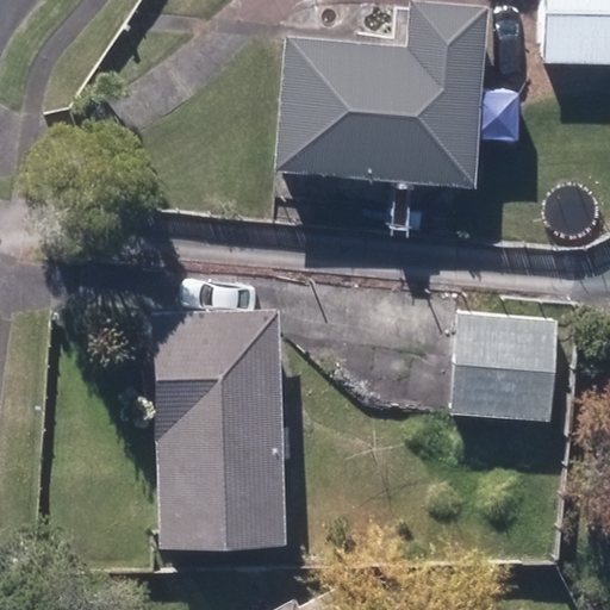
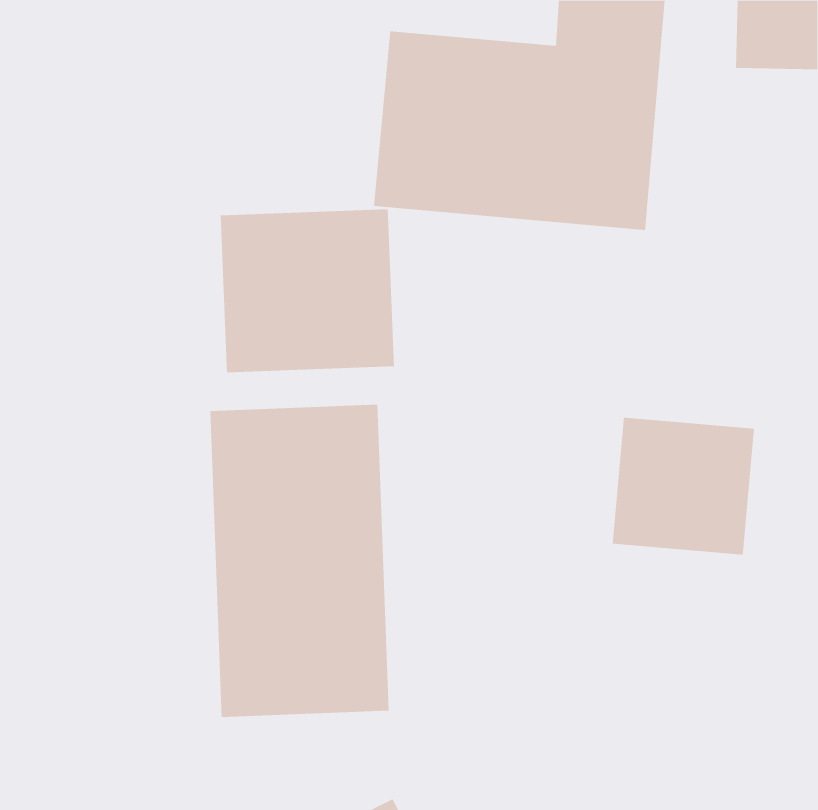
building: none -> [220,209,395,373]

